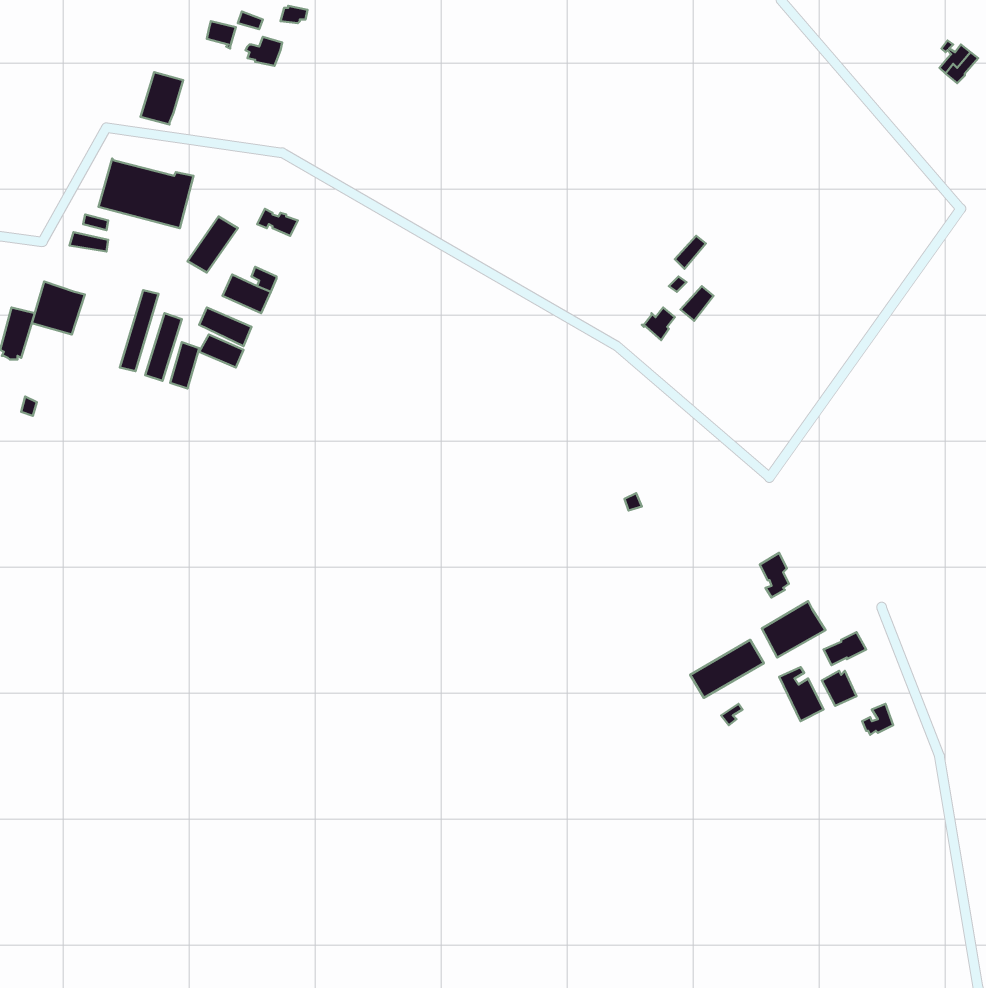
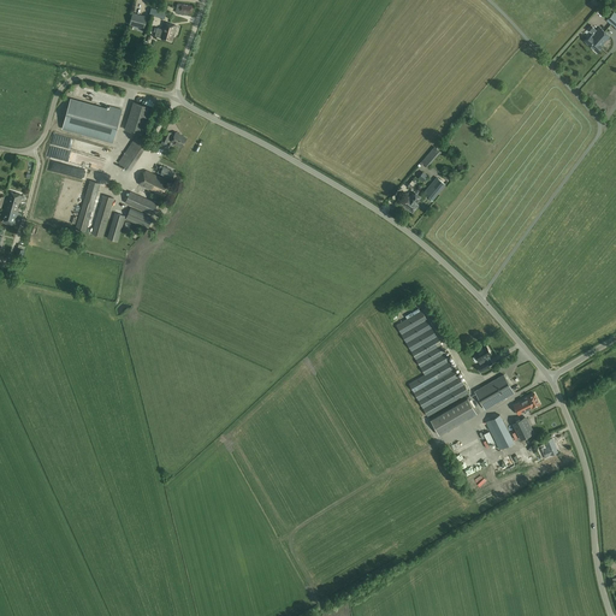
building: [141,72,183,125] -> [124,102,150,135]
building: [32,282,85,335] -> none
building: none -> [396,310,468,415]

